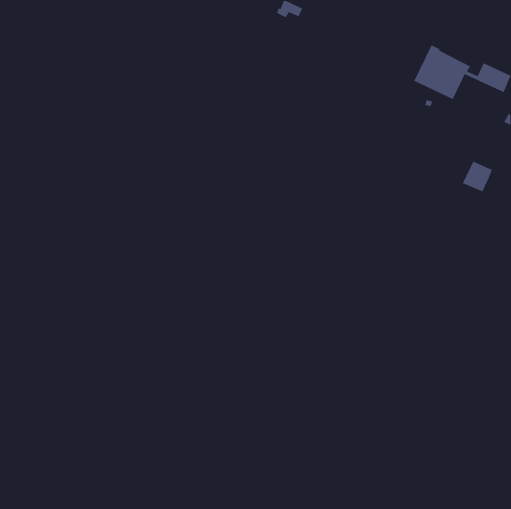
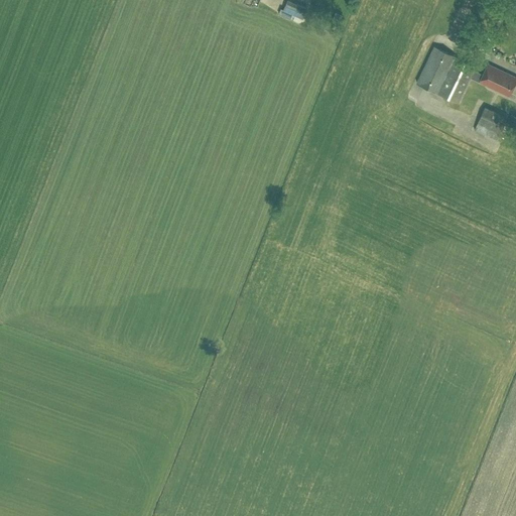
building: [462,160,493,192] -> [474,109,505,141]

